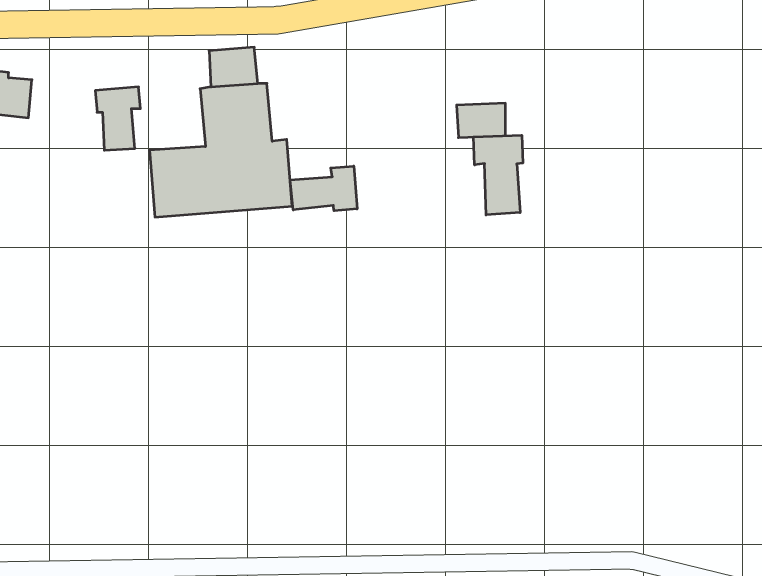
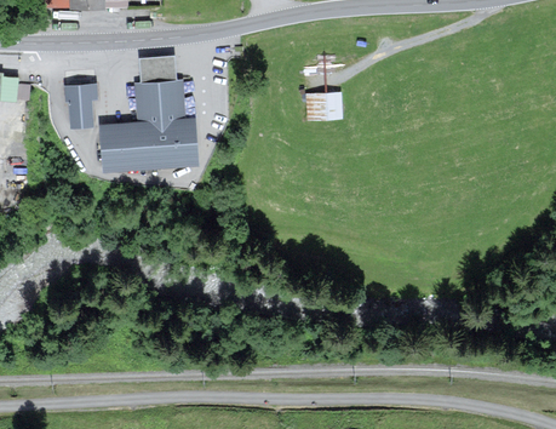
building: [474,135,523,215] -> none
building: [290,166,357,211] -> none

